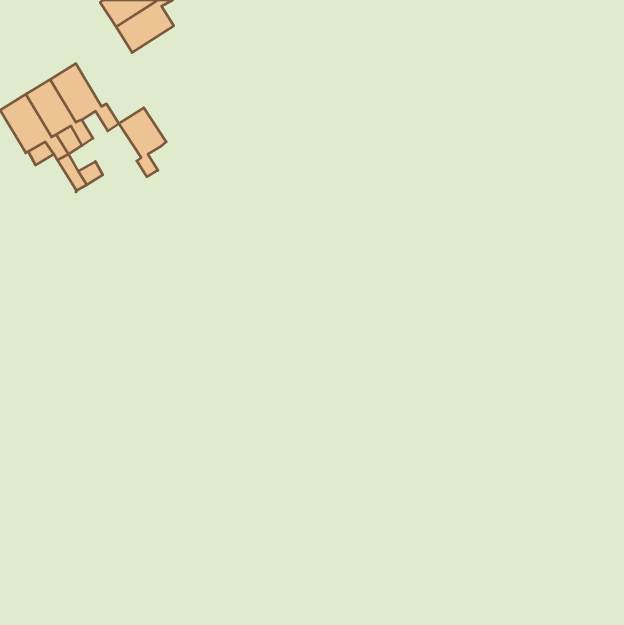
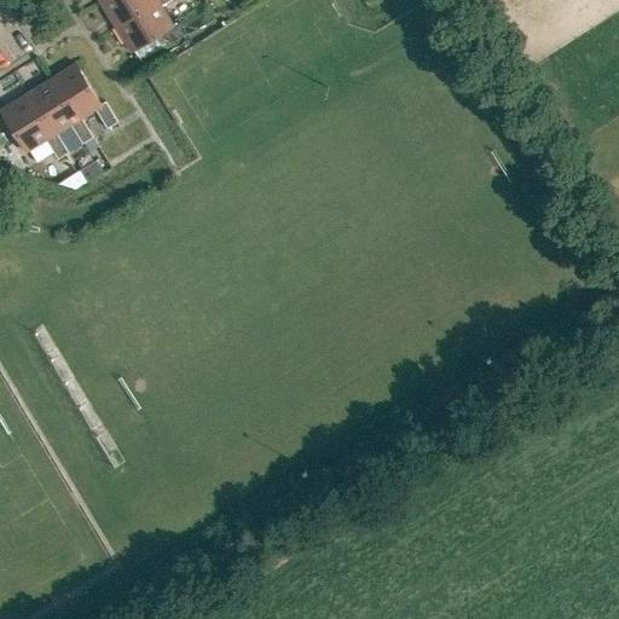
building: [119,108,166,177] -> none

